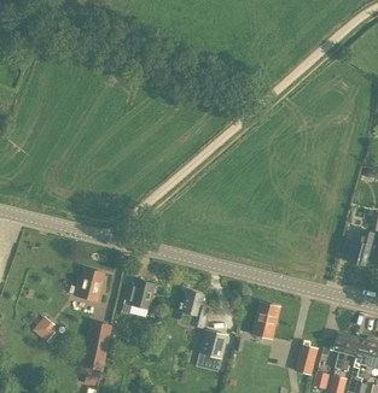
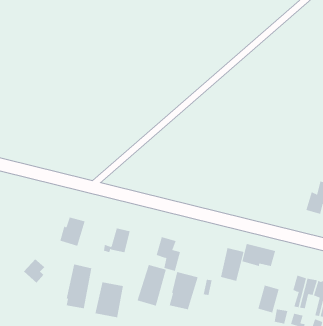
building: none -> [242,243,276,267]
building: none -> [137,264,167,306]
building: none -> [95,282,124,318]

